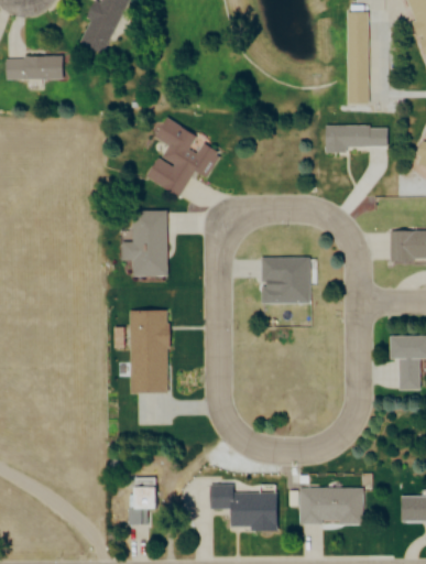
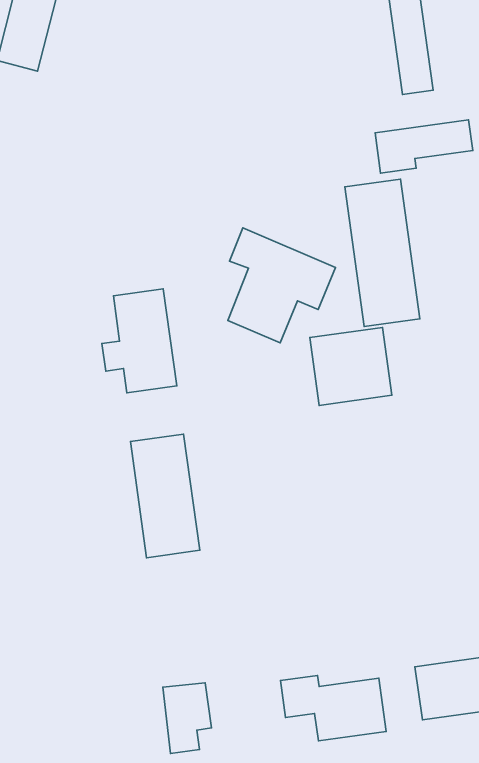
building: [148,117,225,197] -> [228,228,335,343]
building: none -> [345,179,420,326]

